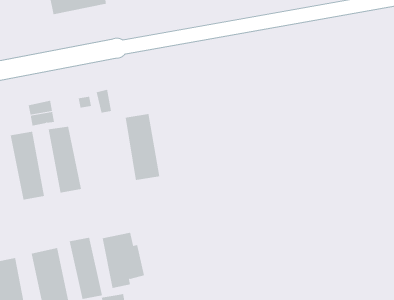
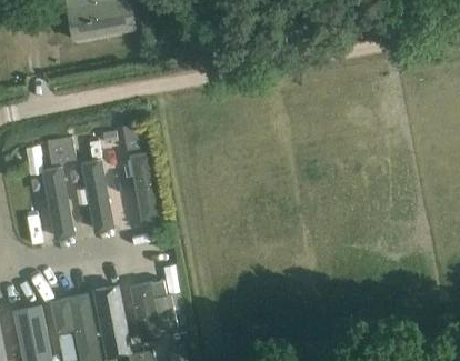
building: [125,114,160,181] -> [116,152,154,227]

